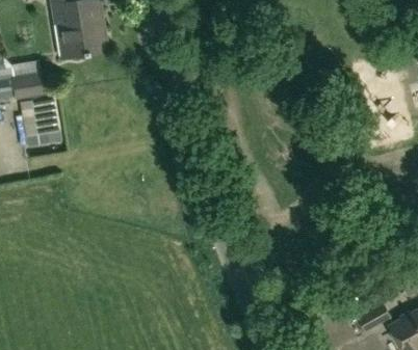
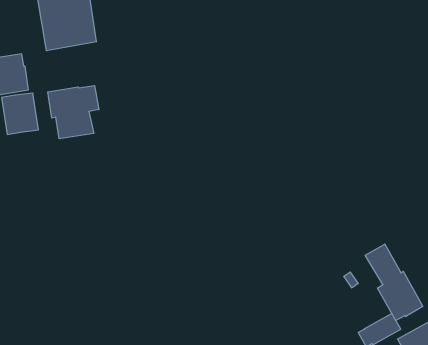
building: none -> [48,86,99,139]
building: none -> [365,244,423,320]

